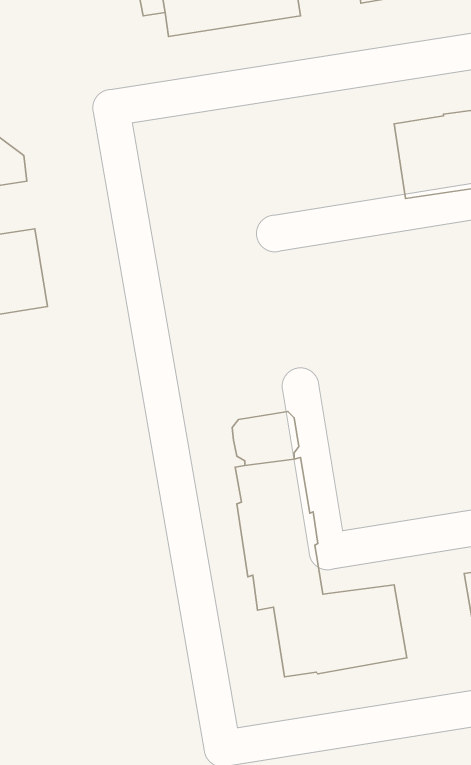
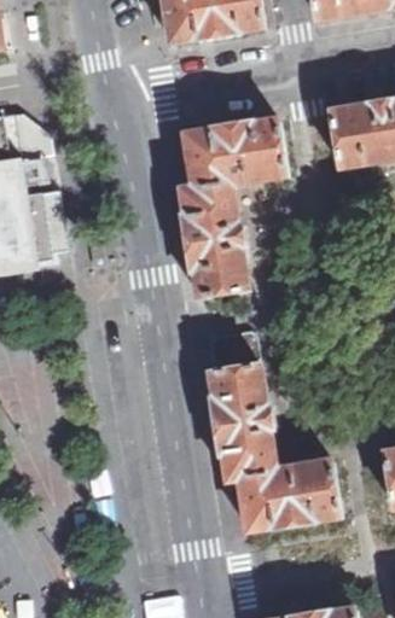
building: none -> [180,118,286,297]

